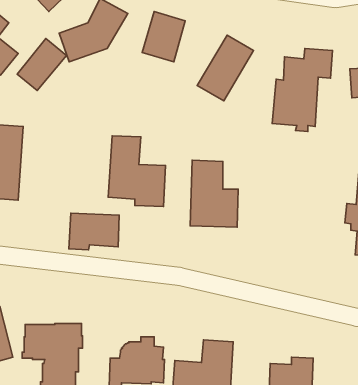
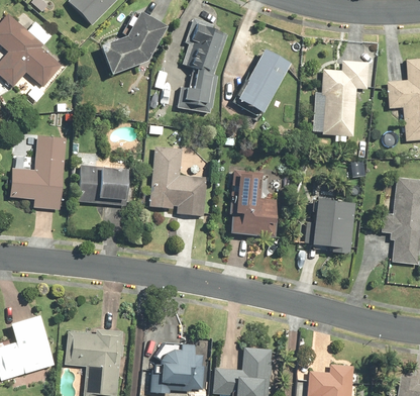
building: [17,38,66,90] -> none
building: none -> [178,72,217,114]
building: none -> [313,199,356,255]
building: [69,213,119,250] -> [80,167,129,203]

